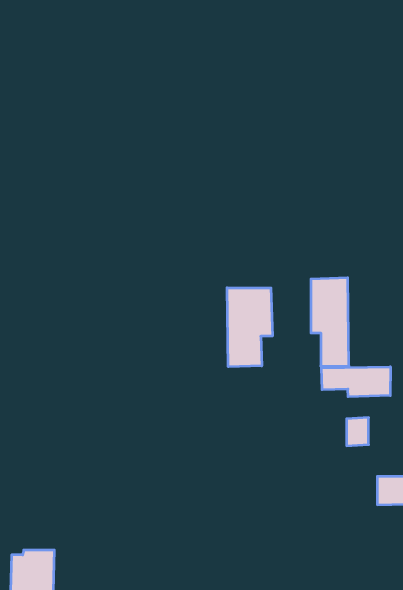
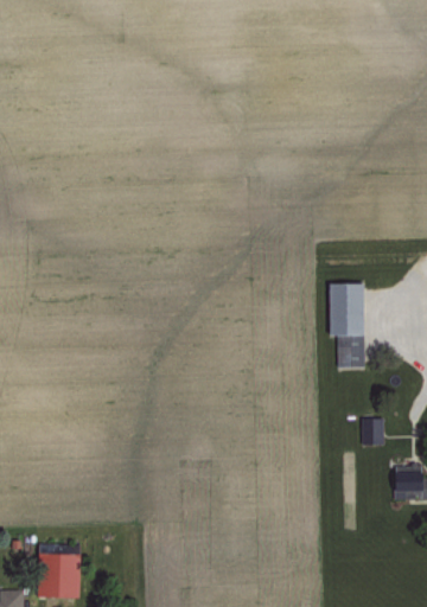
building: [227,288,272,367] -> none
building: [321,367,390,397] -> none

